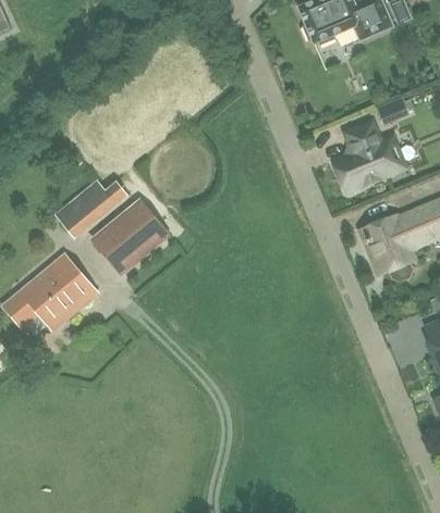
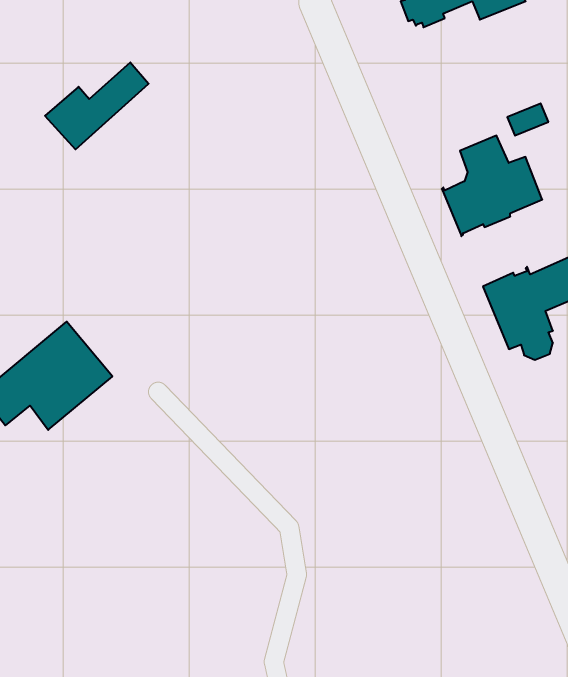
building: [60,177,134,239] -> [45,62,149,149]
building: [90,198,170,275] -> none

